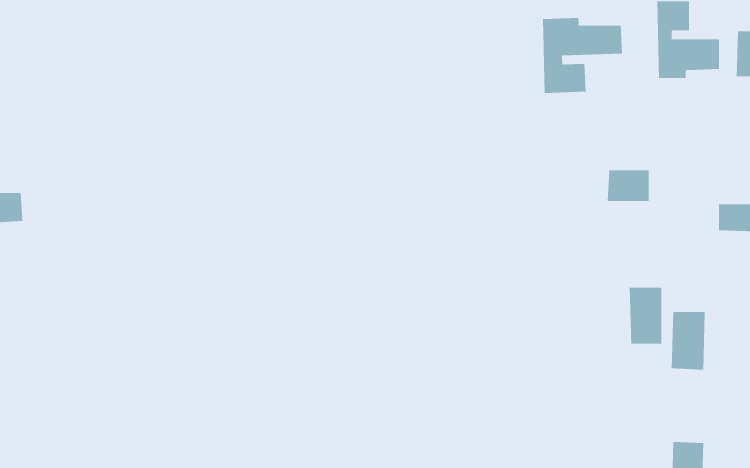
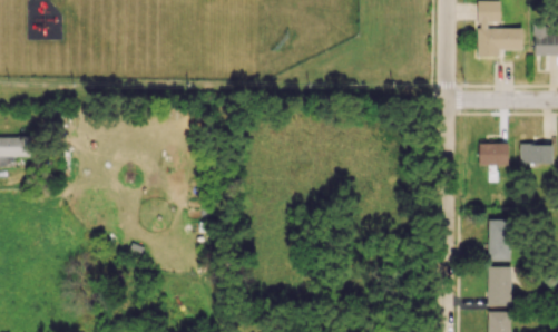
building: [543,17,623,94] -> none
building: [607,170,650,202] -> [479,143,509,165]
building: [629,287,662,344] -> [488,266,511,306]

